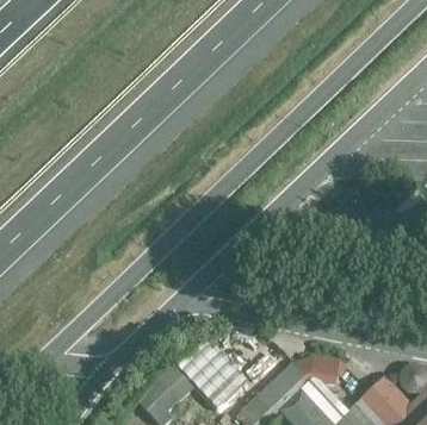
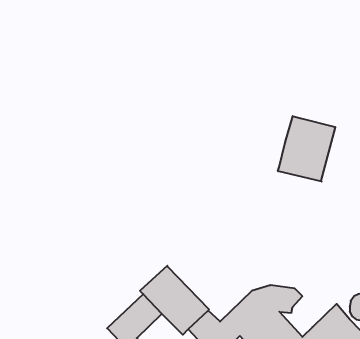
building: none -> [278,116,335,182]

